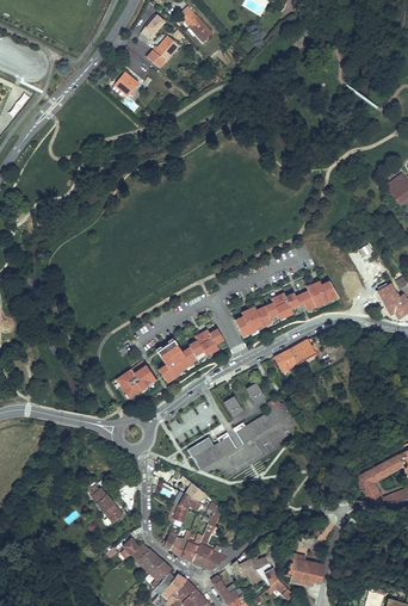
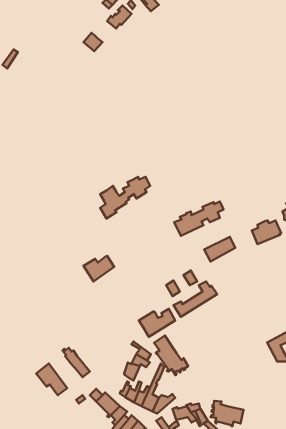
building: [299,282,338,313] -> [252,220,281,244]
building: [157,327,223,382] -> [100,177,150,219]
building: none -> [154,336,188,375]
building: none -> [36,364,67,395]

